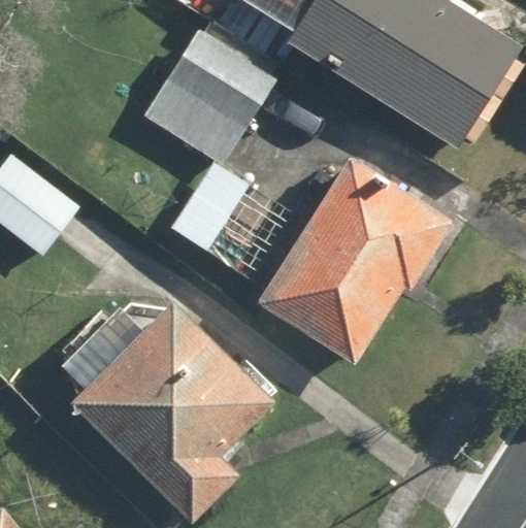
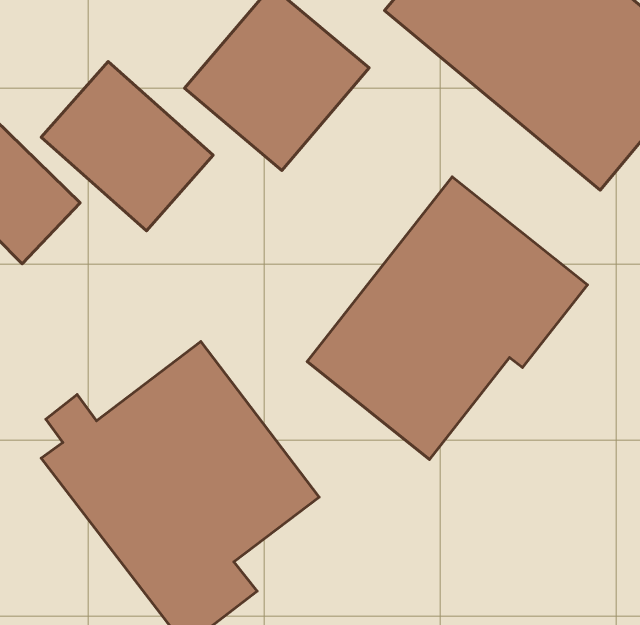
building: none -> [41,62,213,231]
building: [167,162,286,288] -> none

